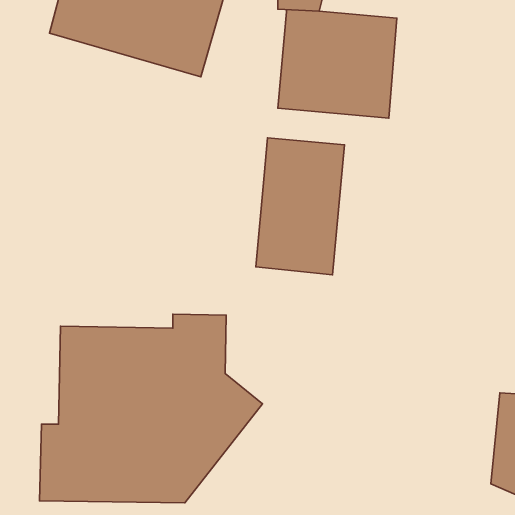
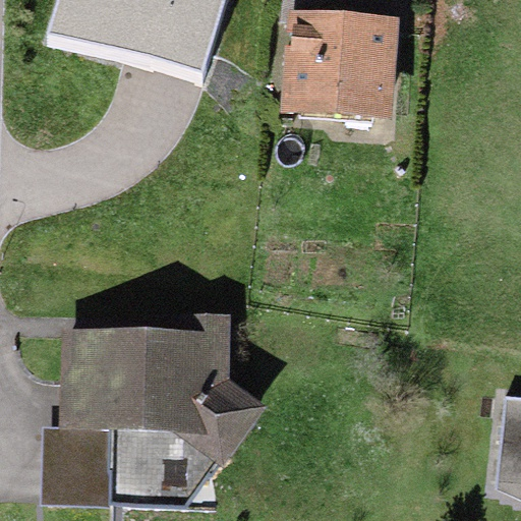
building: [256,138,344,275] -> none

